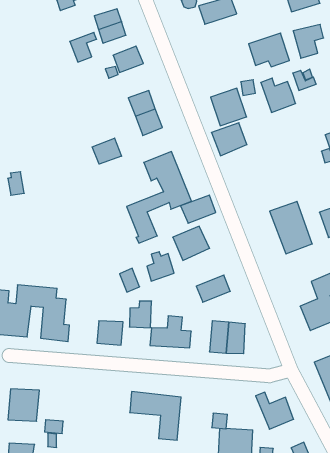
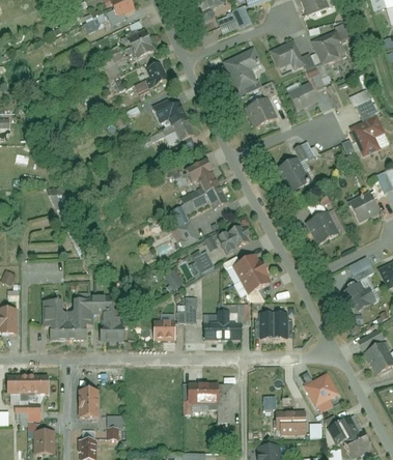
building: none -> [219,47,260,93]
building: [211,123,247,156] -> [273,156,307,189]
building: [92,138,122,164] -> none
building: [181,195,216,223] -> [231,252,264,280]

